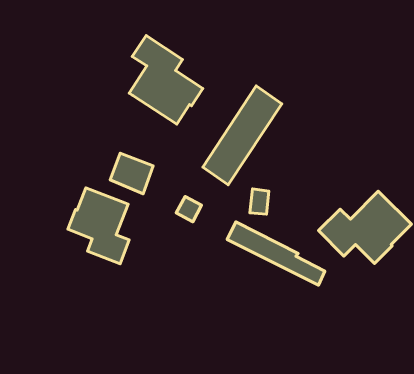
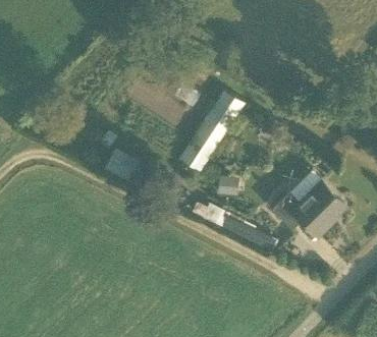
building: [129,36,203,124] -> none
building: [68,188,129,264] -> none

